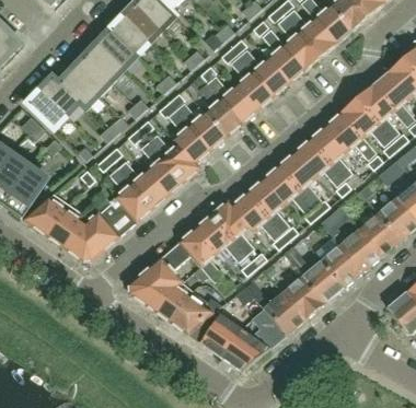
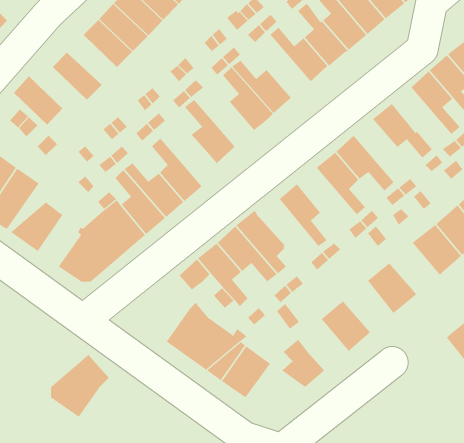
building: [71,55,113,96] -> none
building: [231,55,274,107] -> none
building: [39,75,88,116] -> none
building: [342,98,391,144] -> none
building: [177,102,227,148] -> none
building: [310,125,350,177] -> none
building: [149,133,200,180] -> none
building: [263,165,312,211] -> none
building: [231,191,280,238] -> none
building: [47,205,82,247] -> none
building: [339,228,381,270] -> none
building: [282,245,343,302] -> none
building: [129,257,178,310] -> [50,354,109,417]
building: [264,291,305,334] -> none
building: [220,328,269,371] -> none

